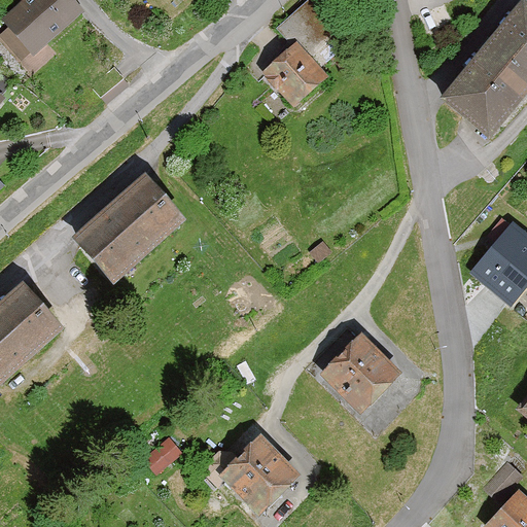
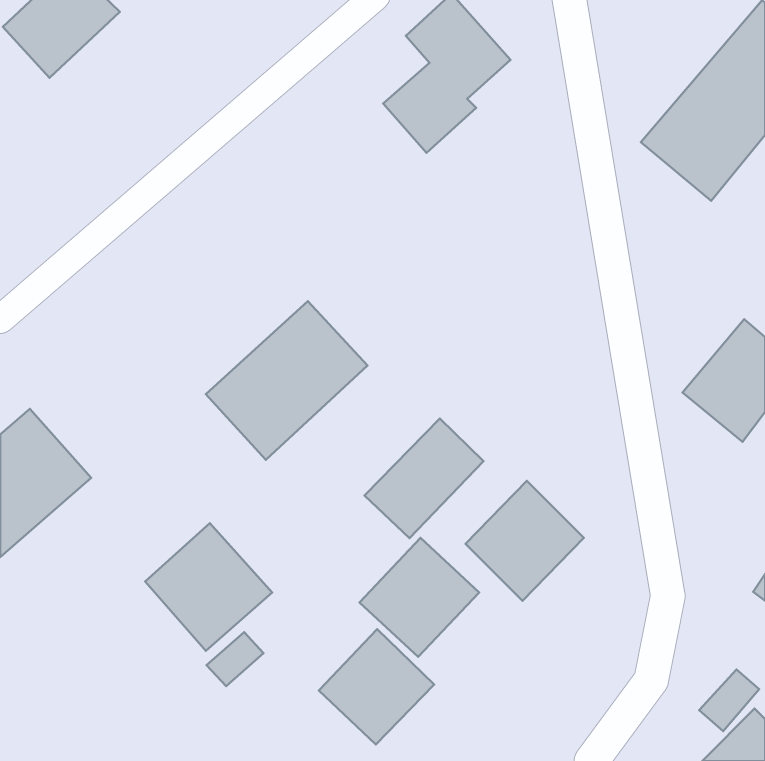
building: [74,174,185,283] -> [206,301,368,460]
building: none -> [364,418,483,538]
building: none -> [145,523,272,651]
building: none -> [359,538,479,657]

